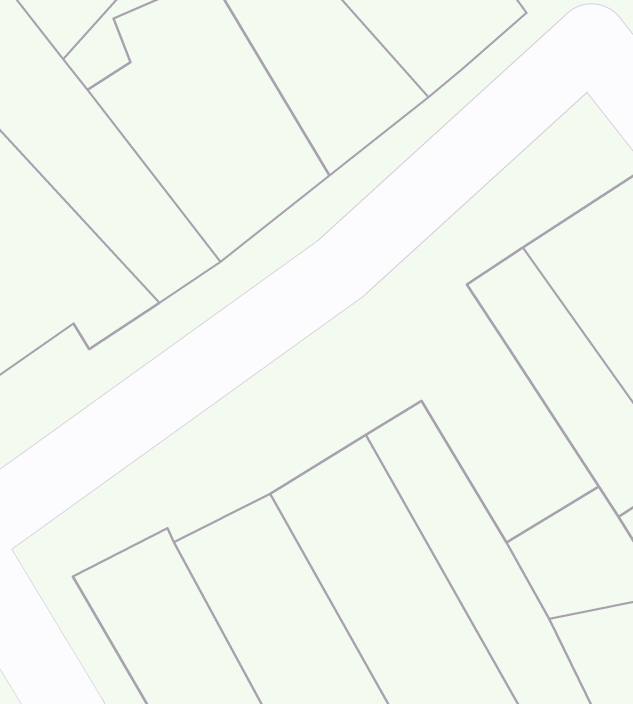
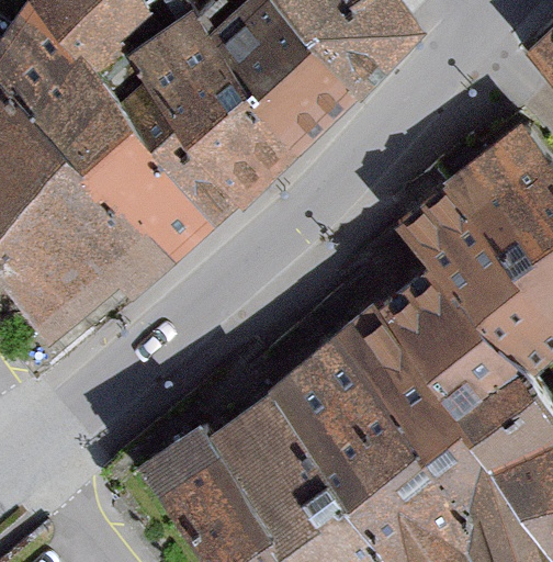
building: none -> [371,267,506,409]

